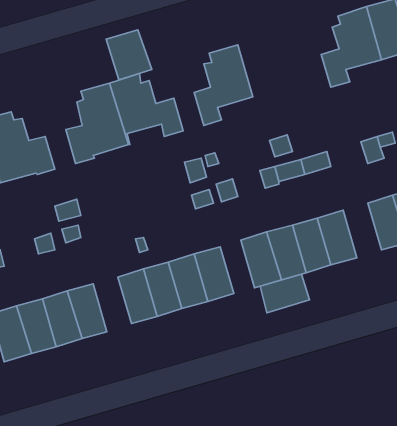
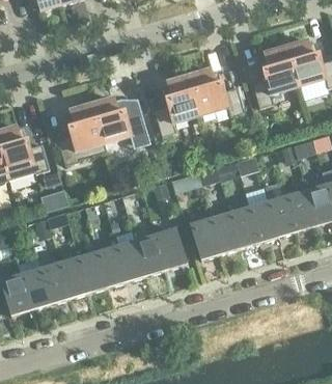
building: [106,30,152,80] -> none
building: none -> [188,67,243,115]
building: none -> [268,194,297,236]
building: [260,274,309,313] -> none
building: none -> [78,250,107,292]

